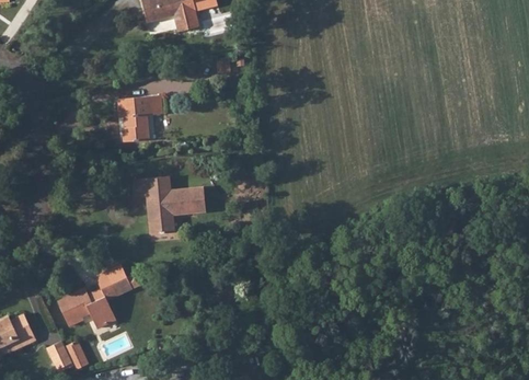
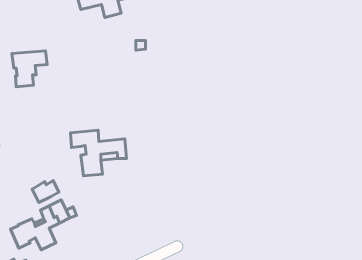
building: [118,96,163,142] -> [12,51,47,87]
building: none -> [32,180,59,203]

